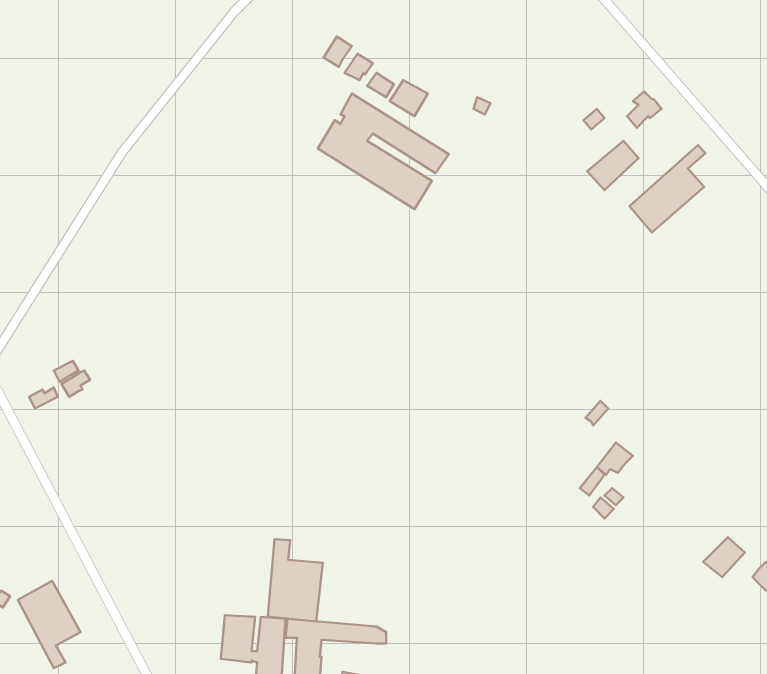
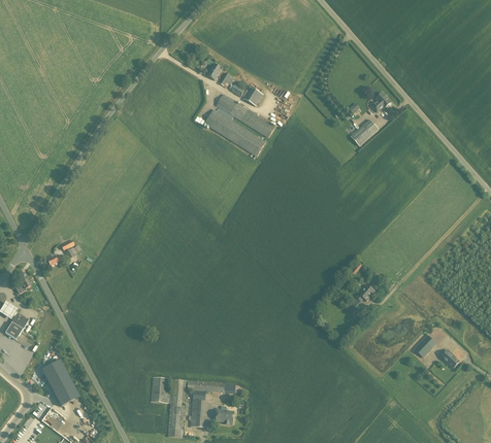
building: [630,145,705,233] -> none
building: [268,539,323,621] -> none

